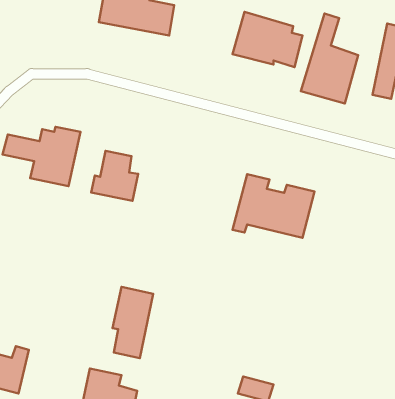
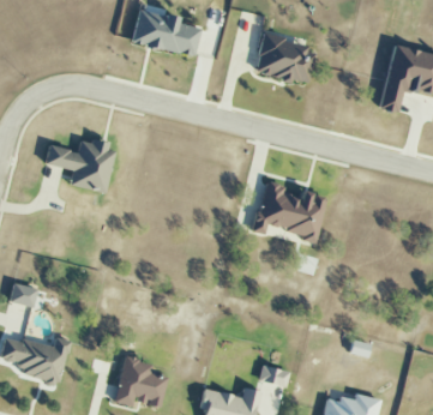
building: [301,14,358,103] -> none
building: [91,151,138,201] -> none
building: [112,287,153,358] -> none

